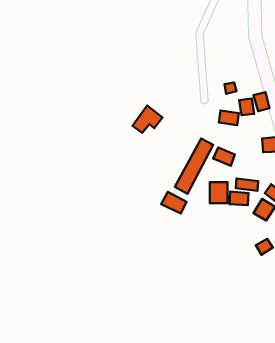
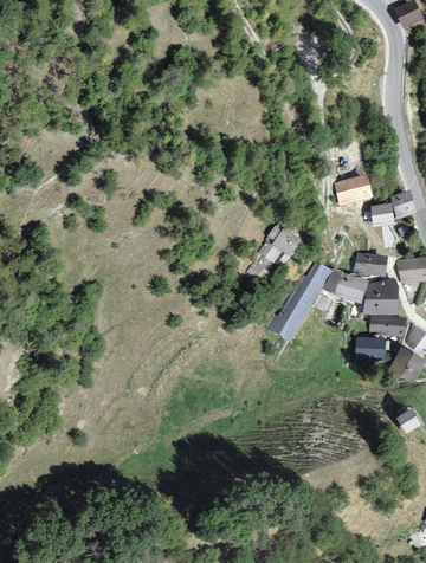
building: [133,106,162,133] -> [256,219,299,259]
building: [219,111,239,125] -> [356,253,386,274]
building: [210,182,227,203] -> [368,282,394,312]
building: [161,192,186,214] -> none

